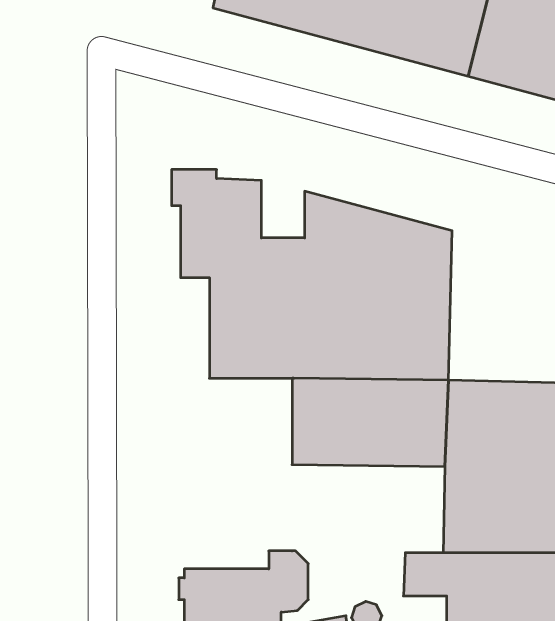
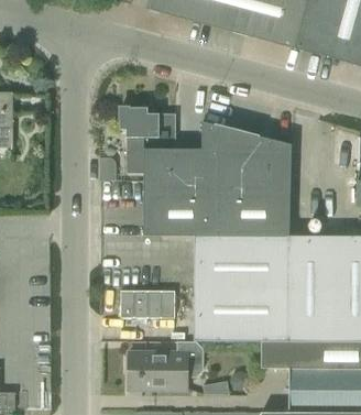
building: none -> [194,287,287,341]
building: none -> [120,290,174,317]

